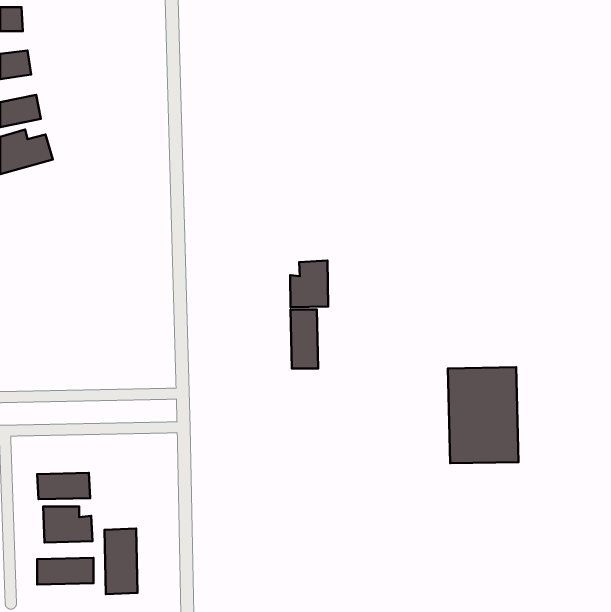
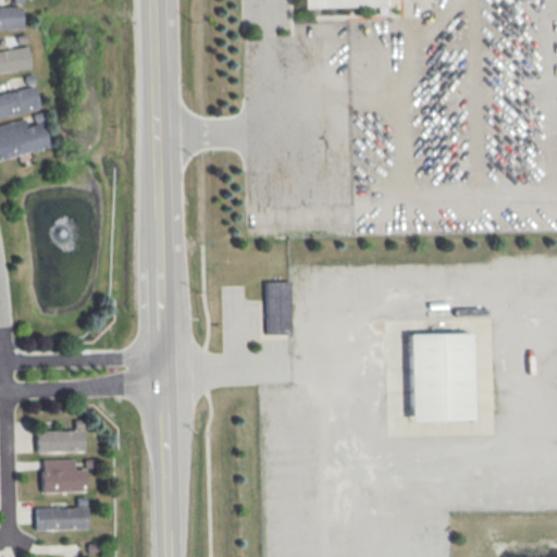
building: [290,261,328,307] -> none
building: [105,529,137,594] -> none

